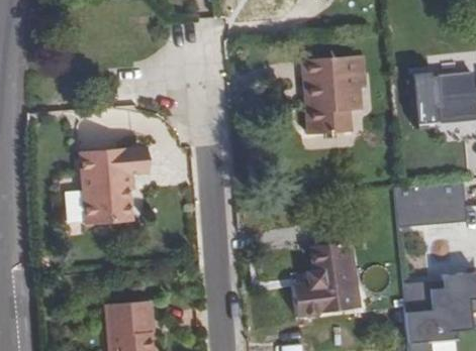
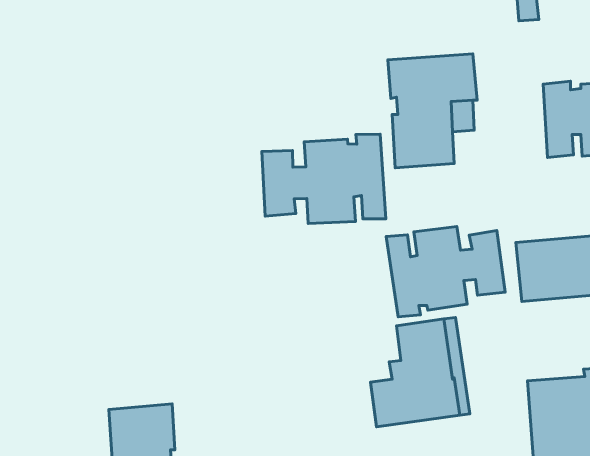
building: none -> [262,134,386,223]
building: [80,147,141,222] -> none
building: none -> [386,227,505,317]

